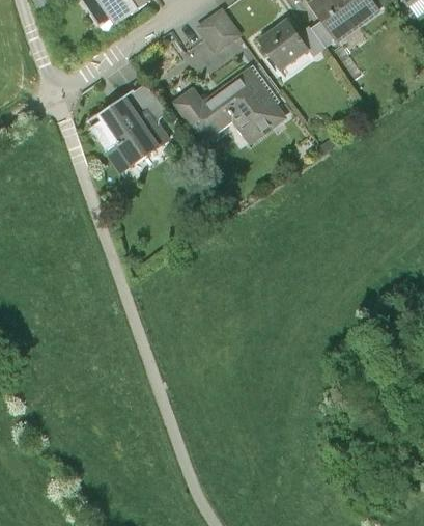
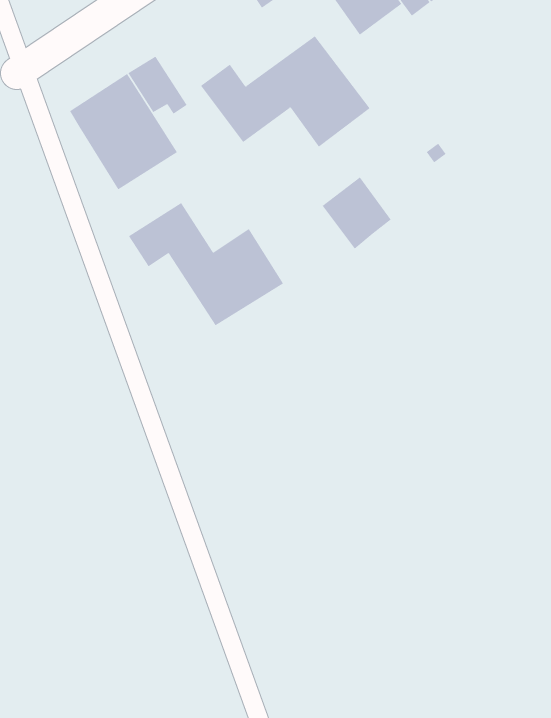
building: none -> [322,177,391,250]
building: none -> [128,202,284,326]

